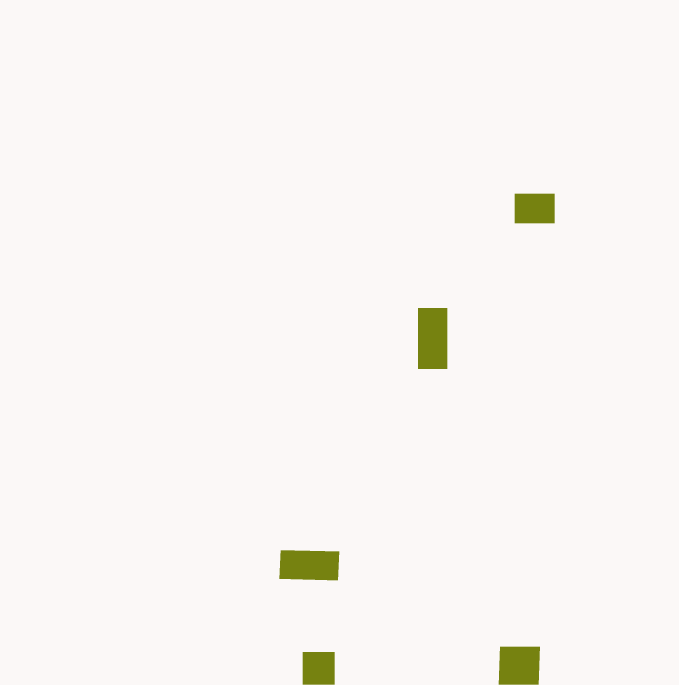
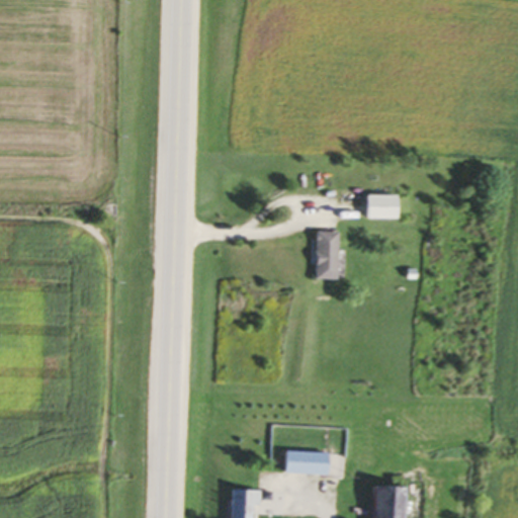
building: [514,193,555,224] -> [368,195,400,219]
building: [279,550,340,581] -> [283,452,330,476]

